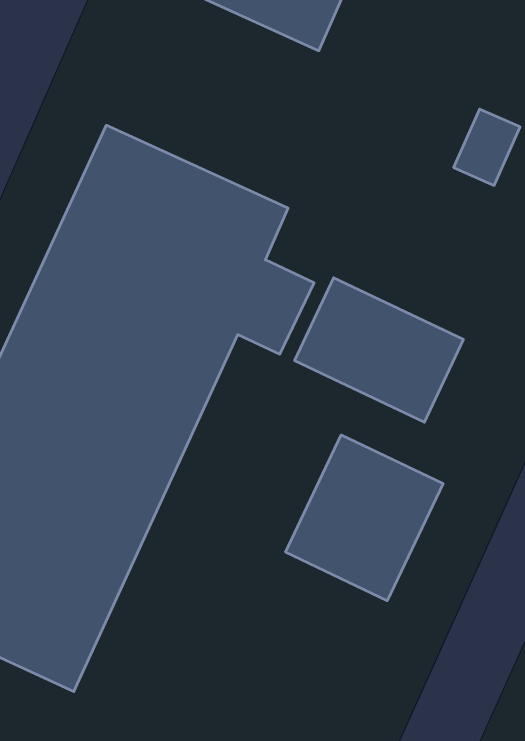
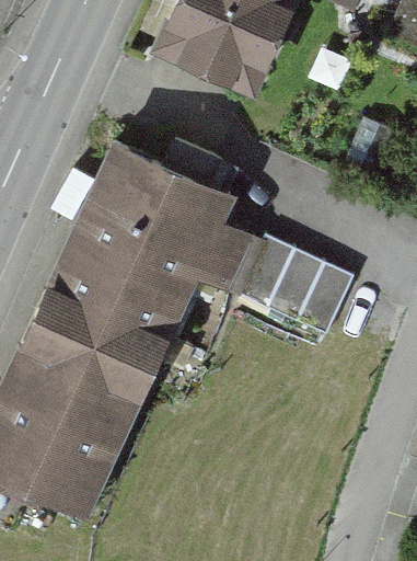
building: [286,435,443,601] -> none

